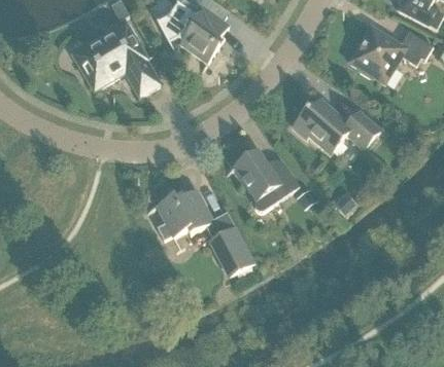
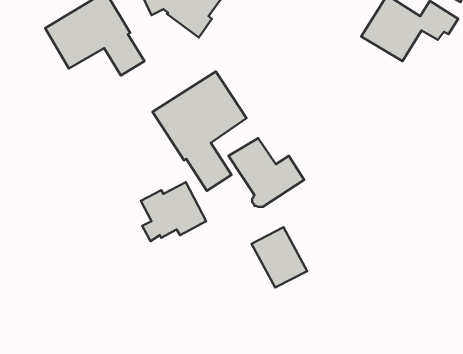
building: none -> [153,72,246,191]
building: [291,96,379,151] -> none
building: [206,223,254,276] -> [252,227,307,288]

